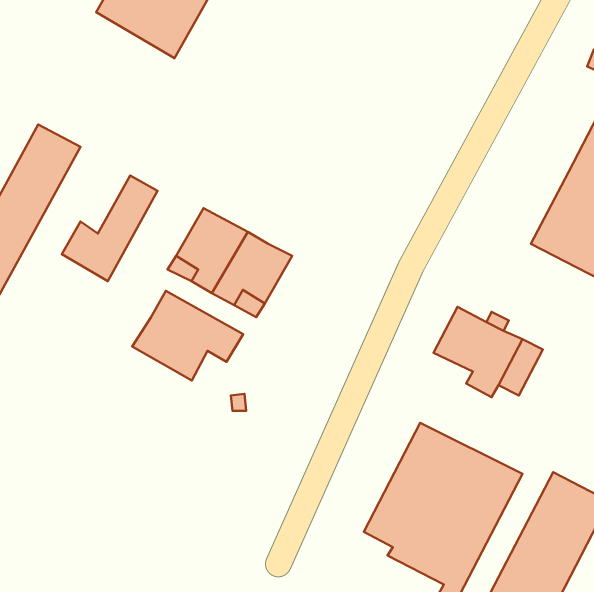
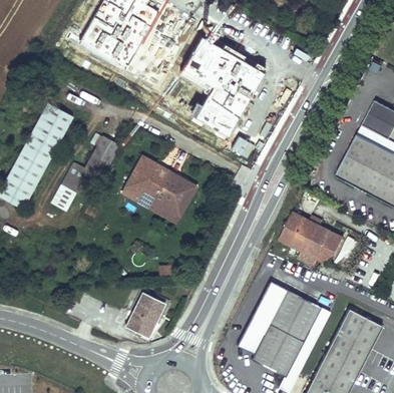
building: none -> [182,36,264,136]
building: [132,291,243,381] -> none
building: none -> [124,294,162,339]

